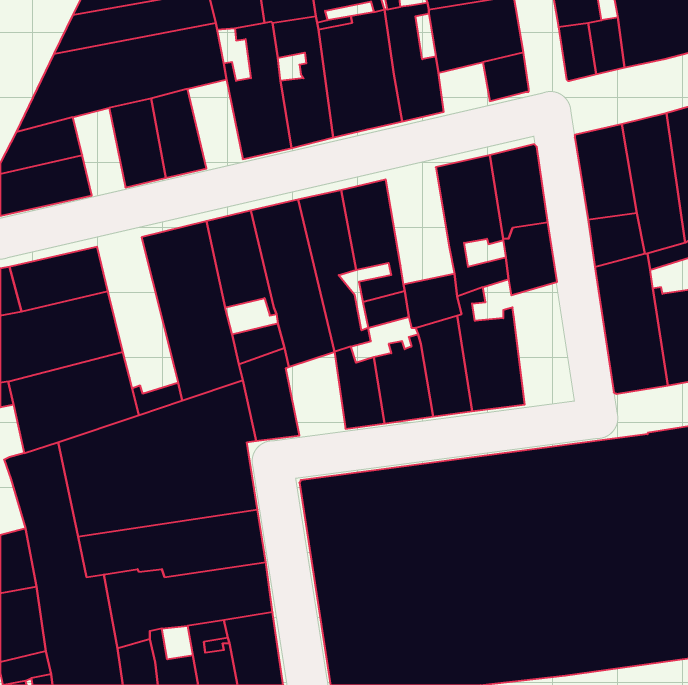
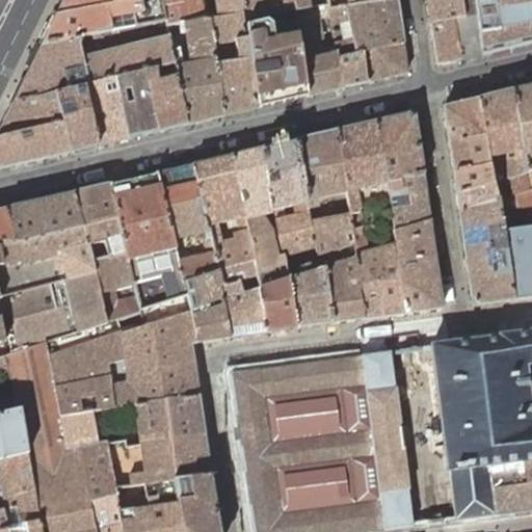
building: none -> [339,48,378,86]
building: none -> [145,61,188,130]
building: none -> [57,83,98,151]
building: none -> [298,129,347,205]
building: none -> [76,183,135,291]
building: none -> [395,217,444,312]
building: none -> [221,271,267,336]

